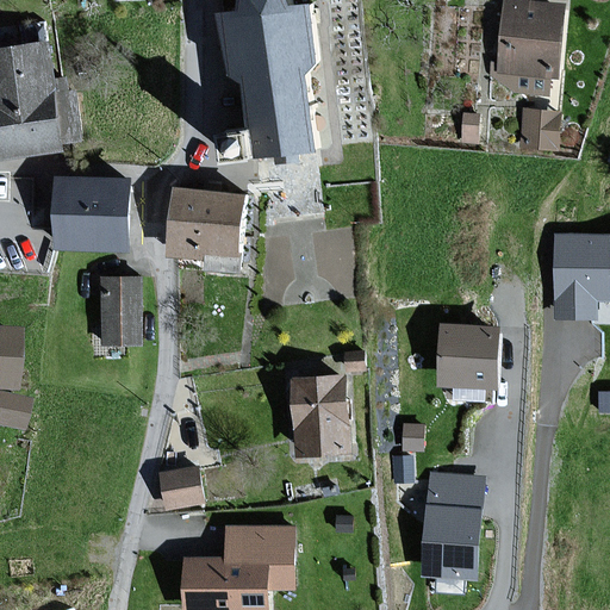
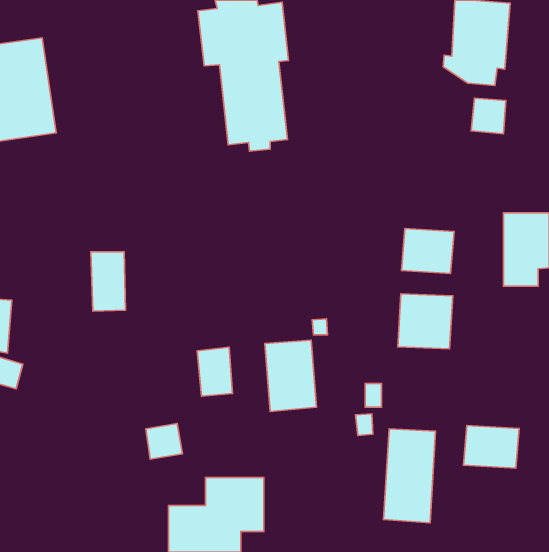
building: [56,176,130,248] -> none
building: [168,188,243,256] -> none
building: none -> [401,229,454,274]
building: none -> [197,347,233,396]
building: none -> [463,425,519,468]

